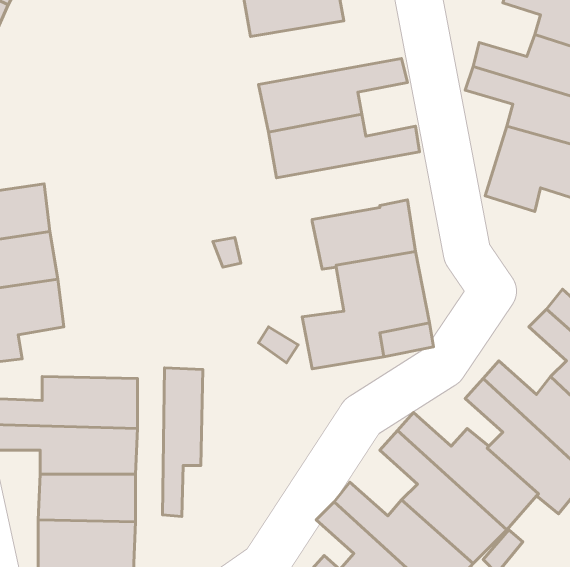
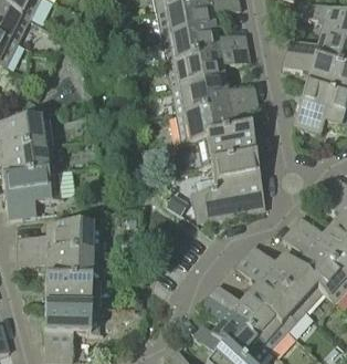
building: none -> [164,25,248,61]
building: none -> [178,98,260,141]
building: [163,368,203,516] -> none

